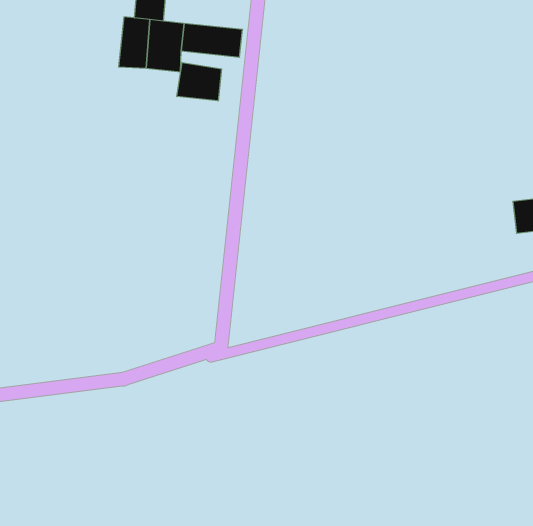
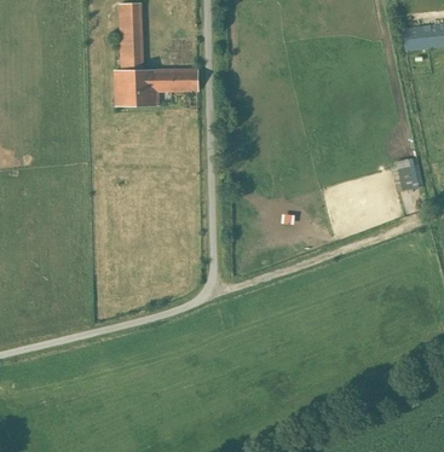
building: [177,63,222,101] -> none

